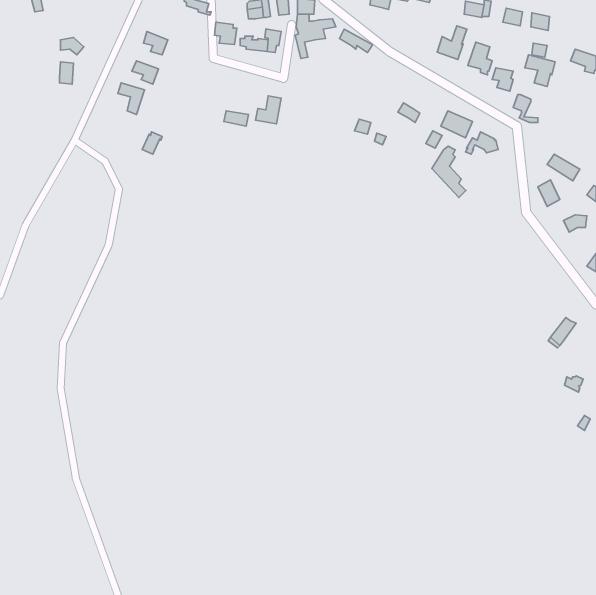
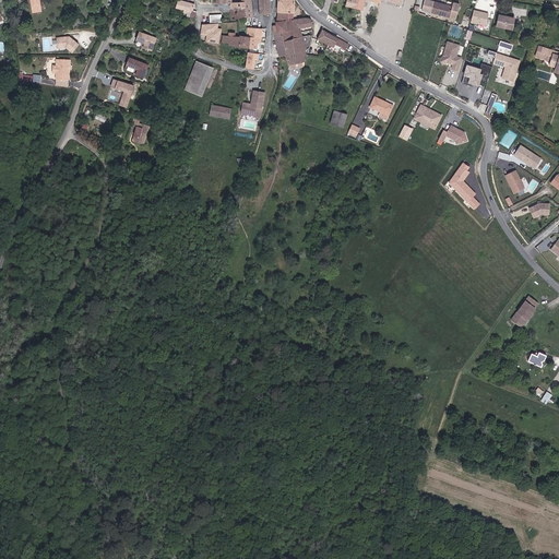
building: [437,26,467,59] -> none
building: none -> [285,37,311,67]
building: none -> [186,60,213,95]
building: [432,146,466,198] -> [449,160,480,209]

